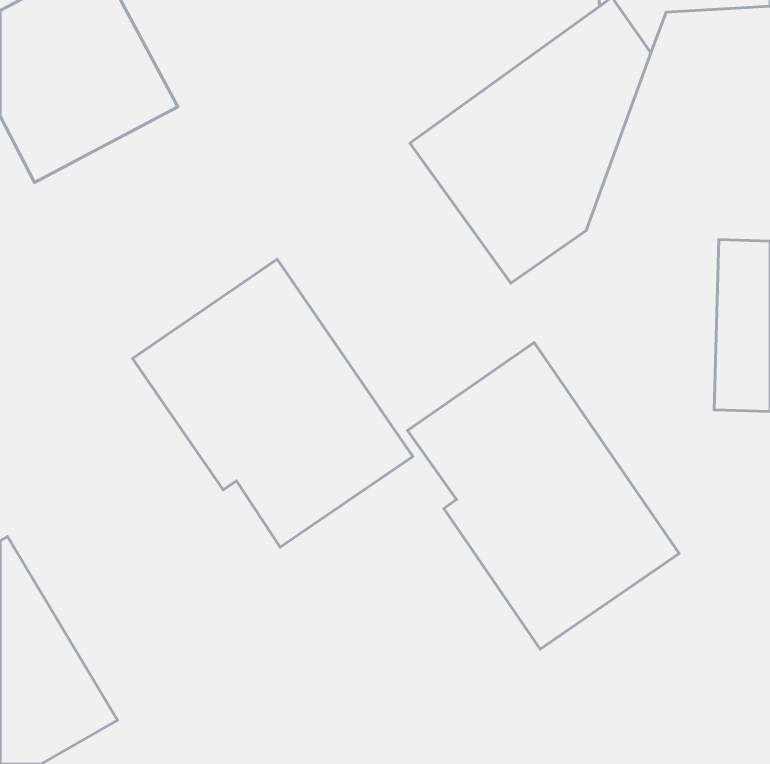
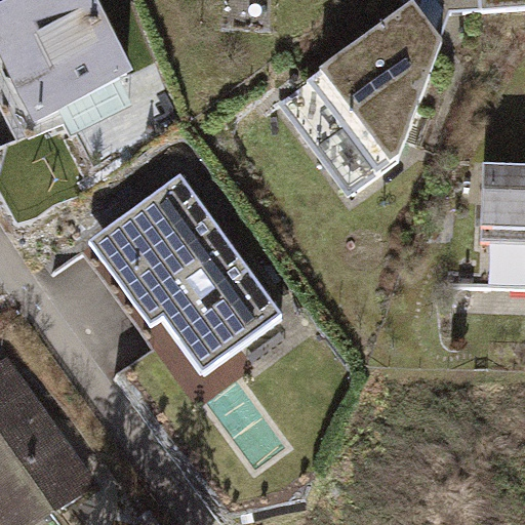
building: [407,343,679,649] -> none

